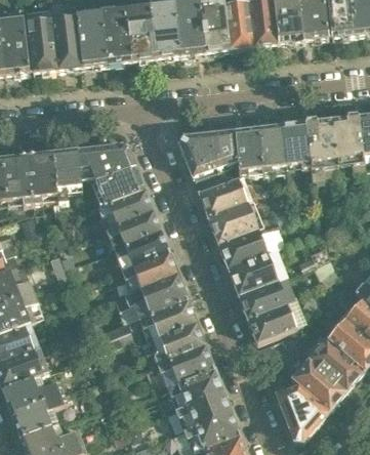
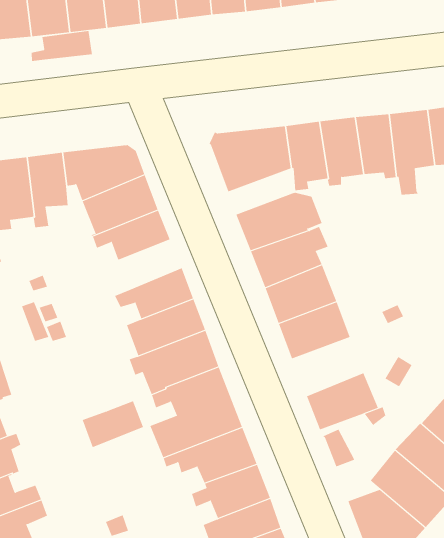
building: none -> [31,30,92,62]
building: [105,209,160,244] -> none
building: [236,277,286,318] -> none

